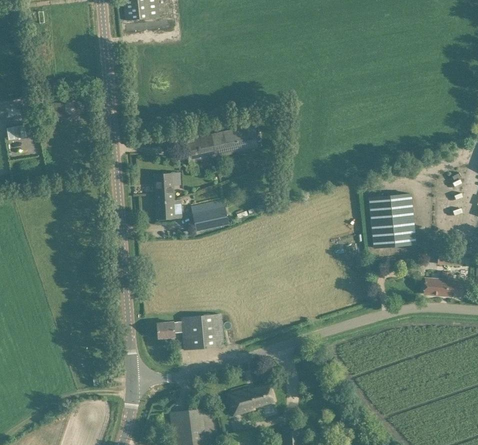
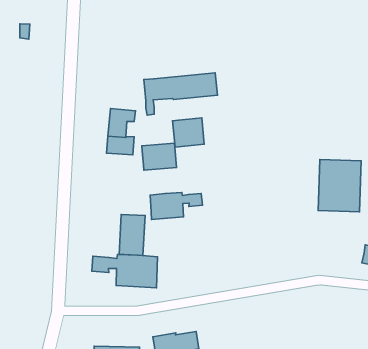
building: none -> [173,118,204,147]
building: none -> [150,192,202,220]
building: none -> [119,214,145,255]

